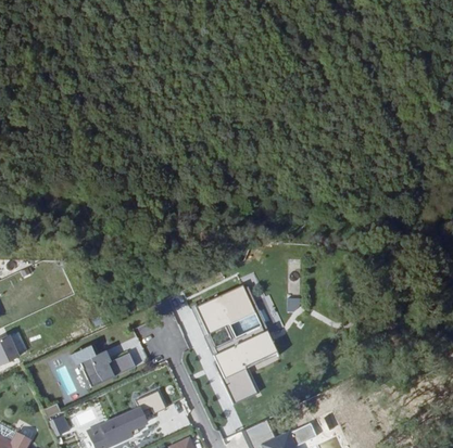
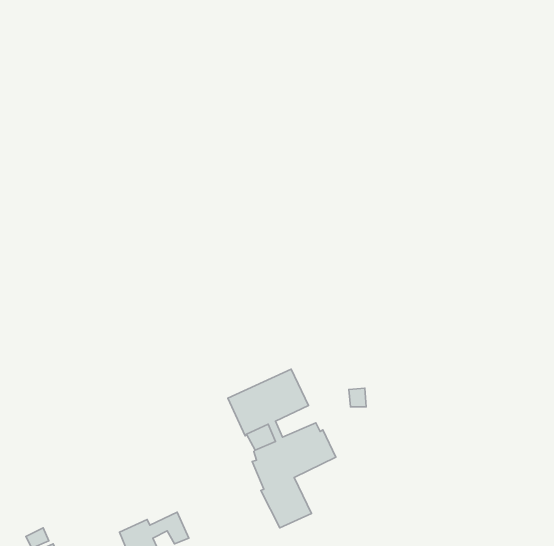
building: [72,344,136,388] -> none

